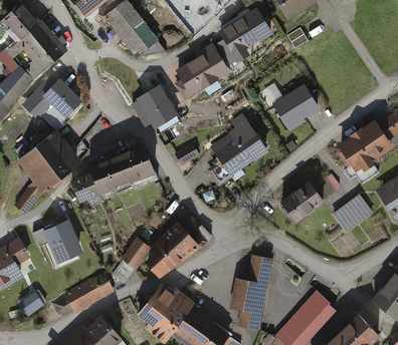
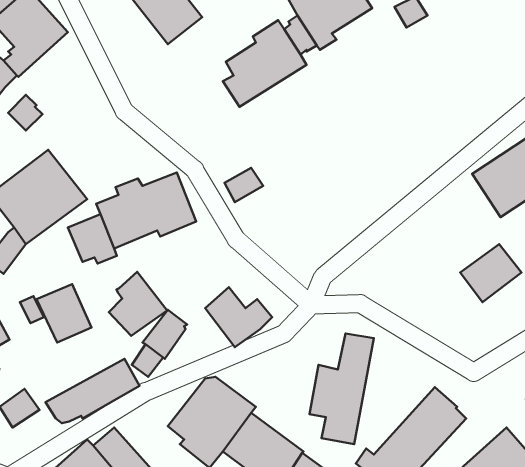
building: [45,83,82,120] -> none
building: [270,84,318,130] -> none
building: [131,85,177,130] -> none
building: [206,112,266,184] -> none
building: [278,180,325,224] -> none
building: [141,236,180,279] -> [109,272,167,336]

